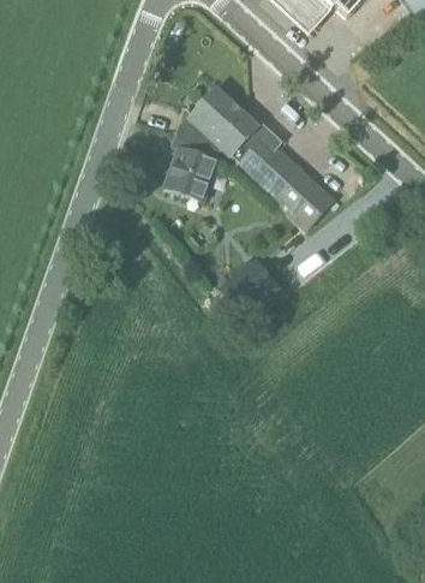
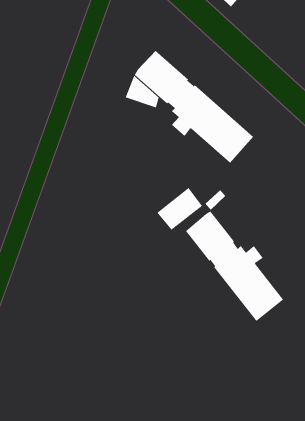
building: [166,143,220,196] -> none
building: none -> [185,211,284,322]

